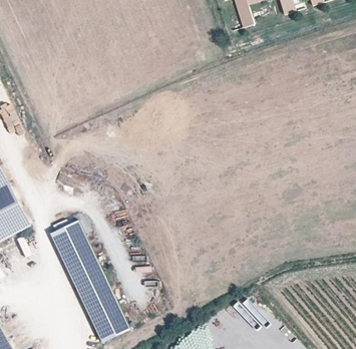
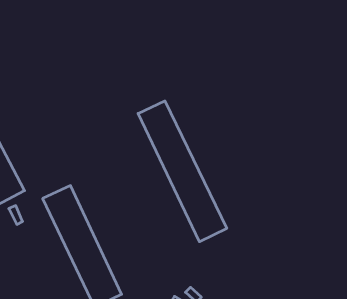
building: none -> [138,101,227,242]

